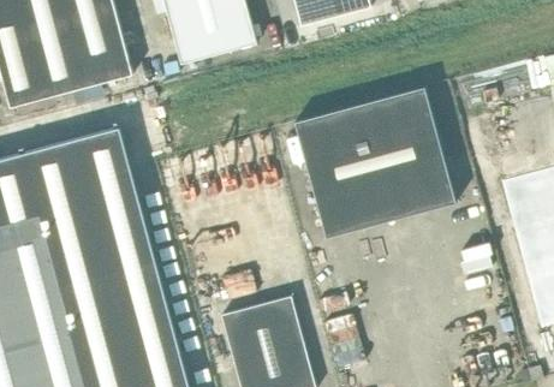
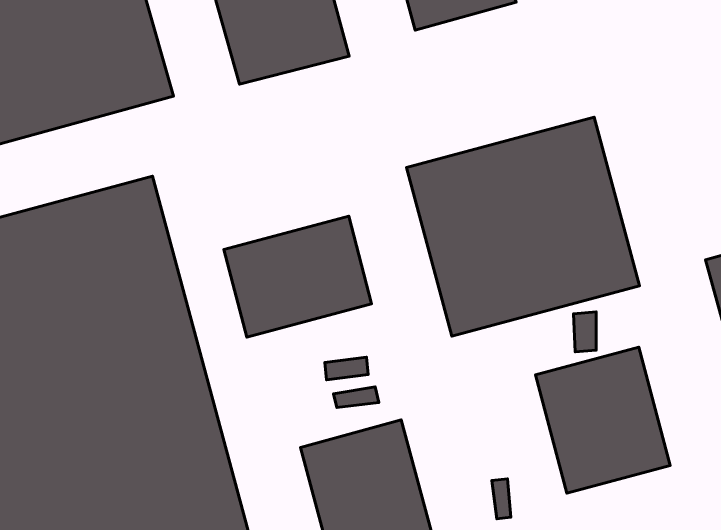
building: none -> [224,216,372,337]
building: none -> [536,347,670,493]

